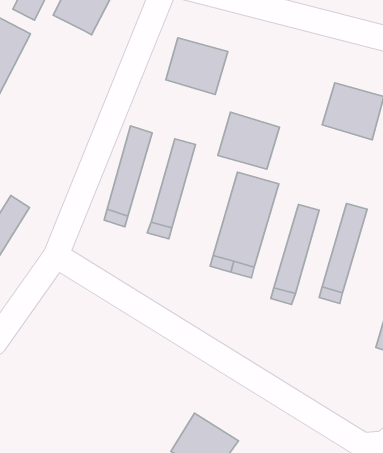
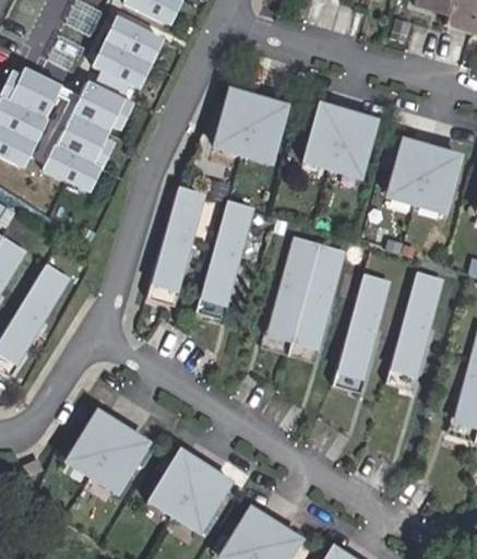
building: none -> [41,79,129,188]
building: [218,112,280,169] -> [308,105,377,168]
building: none -> [71,412,146,485]
building: none -> [154,451,228,524]

